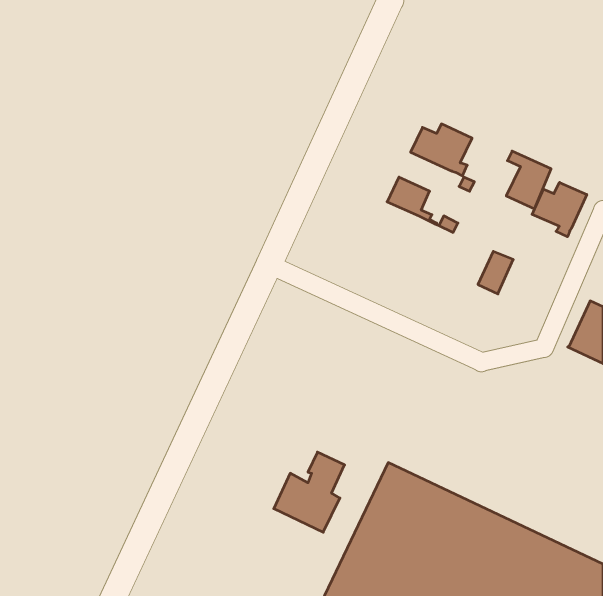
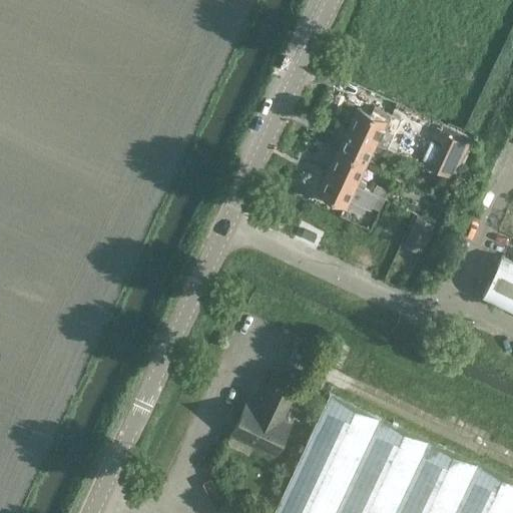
building: none -> [339,135,384,168]
building: [532,182,587,237] -> none
building: none -> [320,177,377,215]

